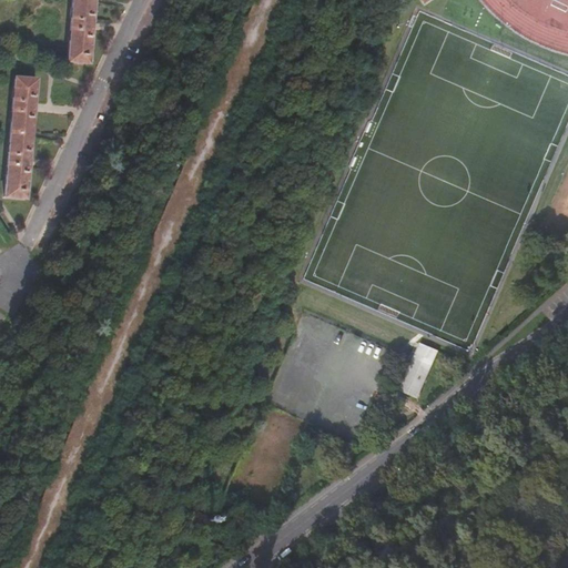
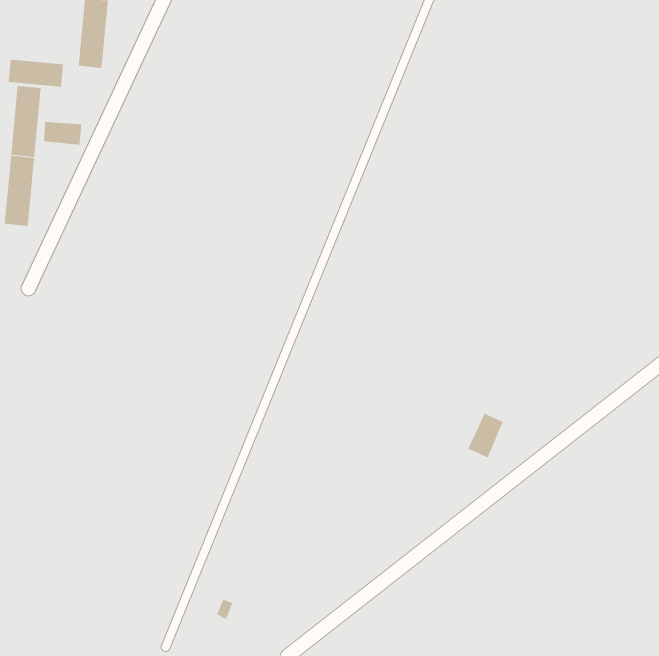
building: none -> [8,59,63,87]
building: none -> [44,121,82,146]

